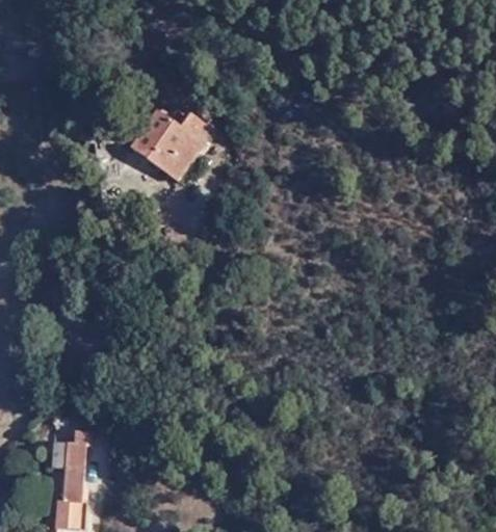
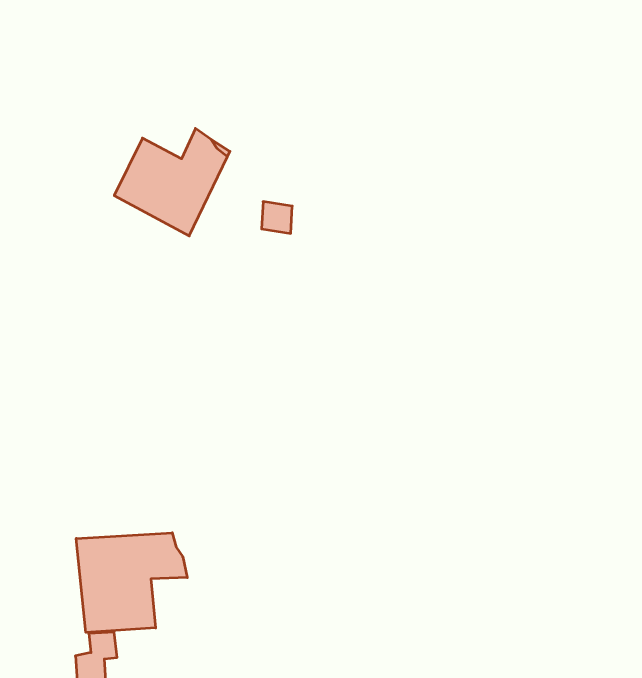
building: none -> [76,533,187,632]

